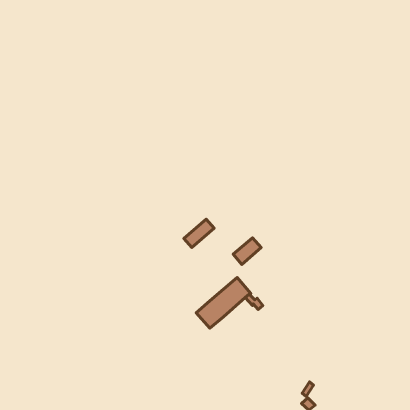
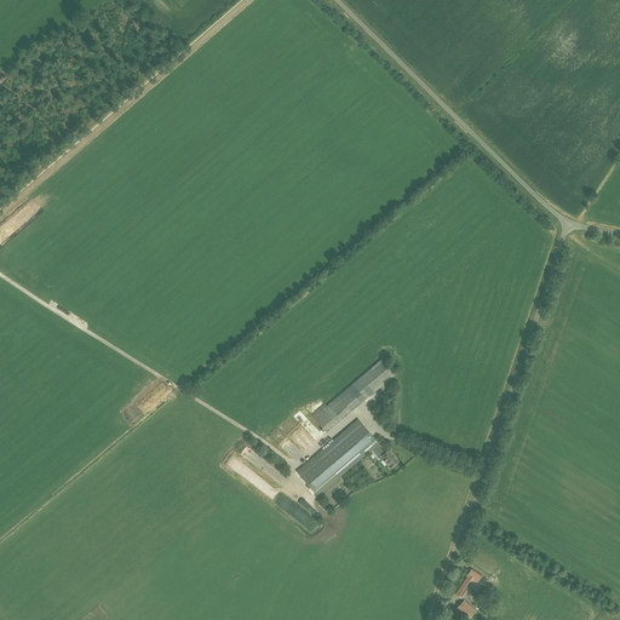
building: [184,219,214,247] -> [312,388,358,430]

